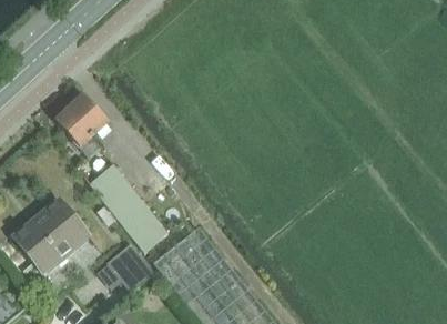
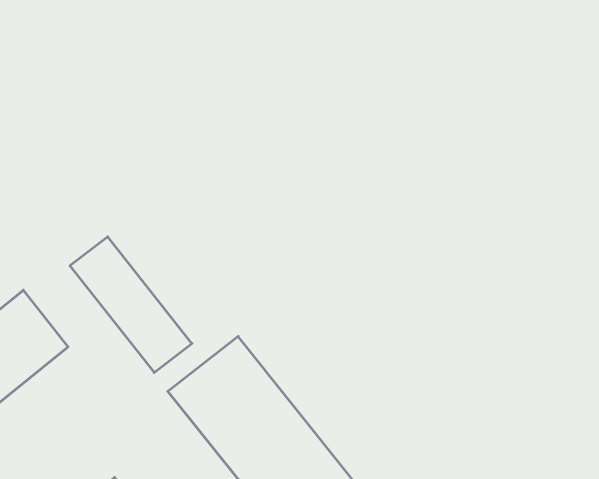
building: [55,94,109,158] -> none
building: [106,243,146,282] -> none

